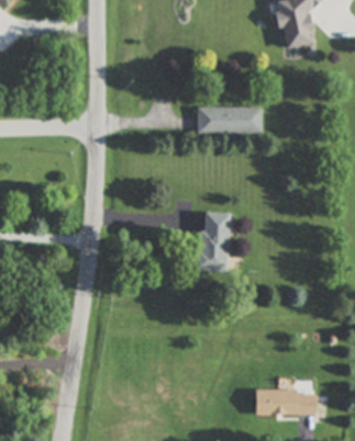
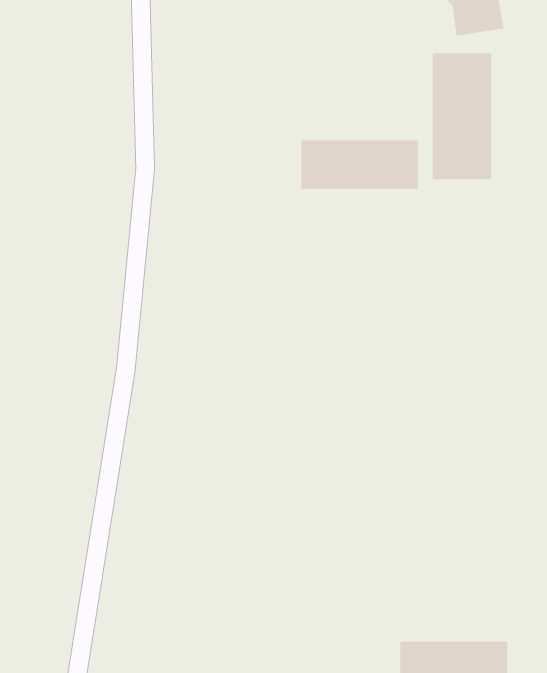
building: none -> [432,52,492,180]
building: [198,212,230,271] -> none

